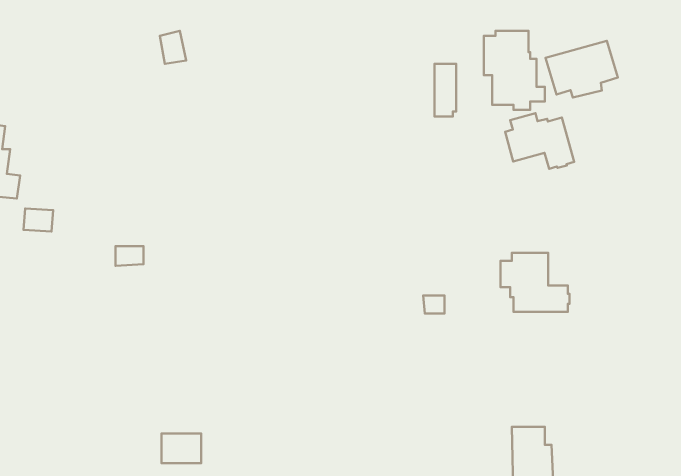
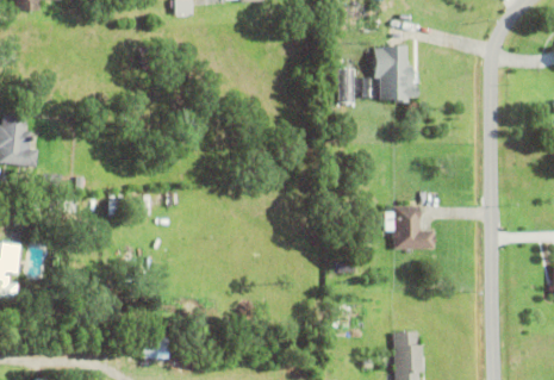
building: [546,41,618,97] -> none
building: [505,113,574,169] -> none

